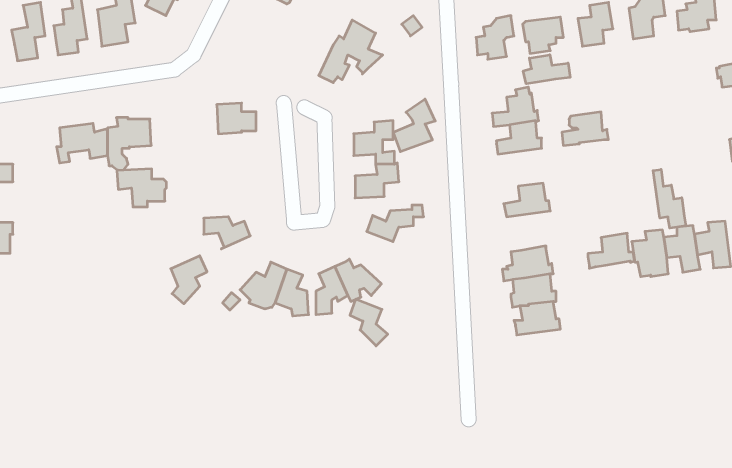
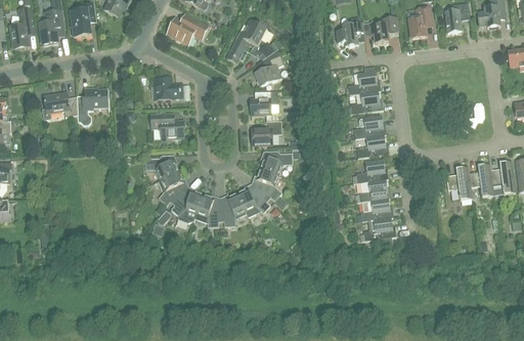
building: none -> [167,13,207,43]
building: [523,55,570,84] -> none
building: [393,99,435,152] -> [255,48,285,85]
building: [562,112,608,145] -> [354,114,387,137]
building: [117,169,166,207] -> [150,113,185,139]
building: [653,169,686,228] -> none
building: [588,233,635,268] -> [356,158,389,182]
building: [171,256,207,304] -> [158,170,183,204]
building: [350,299,388,346] -> [256,167,282,200]

